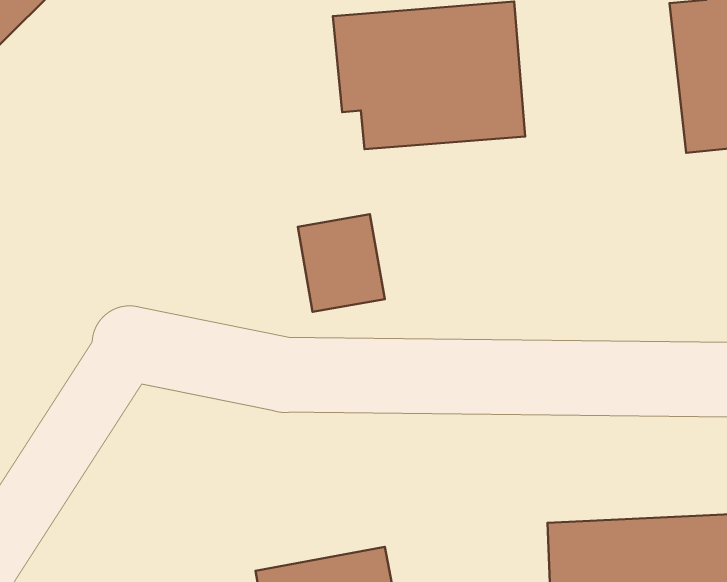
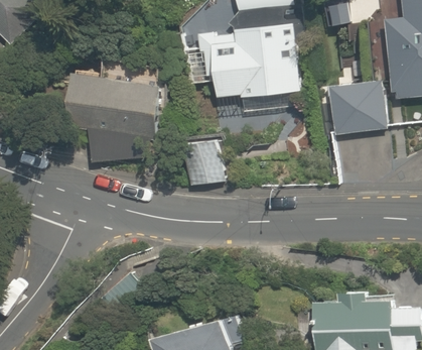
building: none -> [54,62,158,163]
building: none -> [329,75,385,133]

